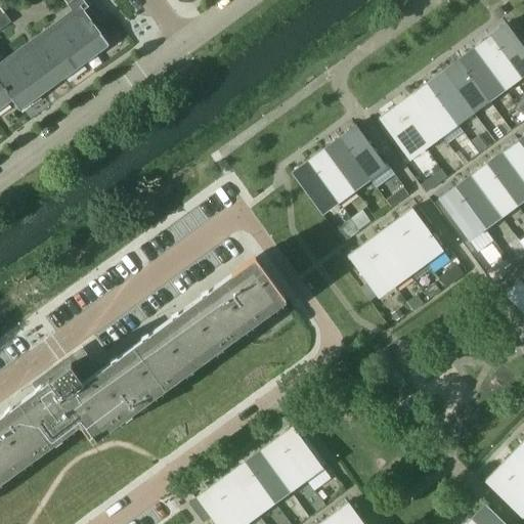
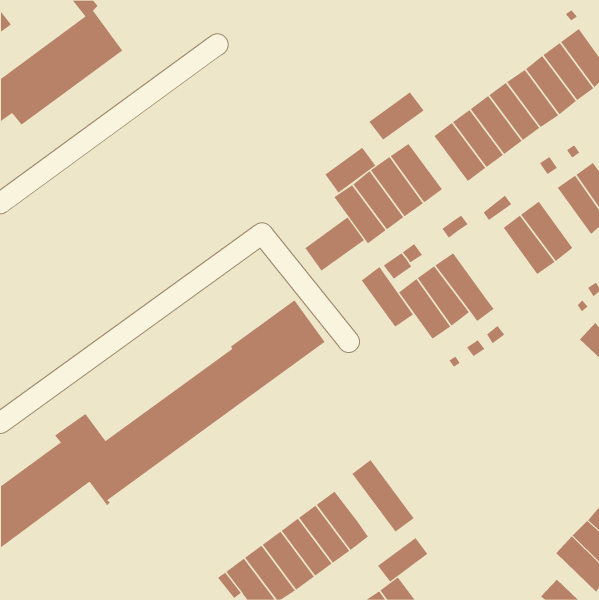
building: none -> [369,92,425,141]
building: none -> [325,147,376,193]
building: [471,164,516,216] -> none
building: none -> [305,217,365,272]
building: [396,208,442,261] -> [361,266,414,327]
building: none -> [351,459,414,532]
building: none -> [377,537,428,583]

